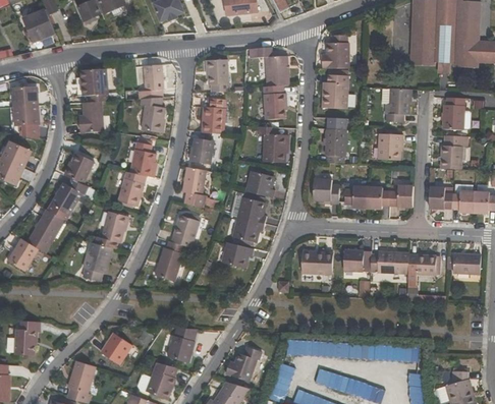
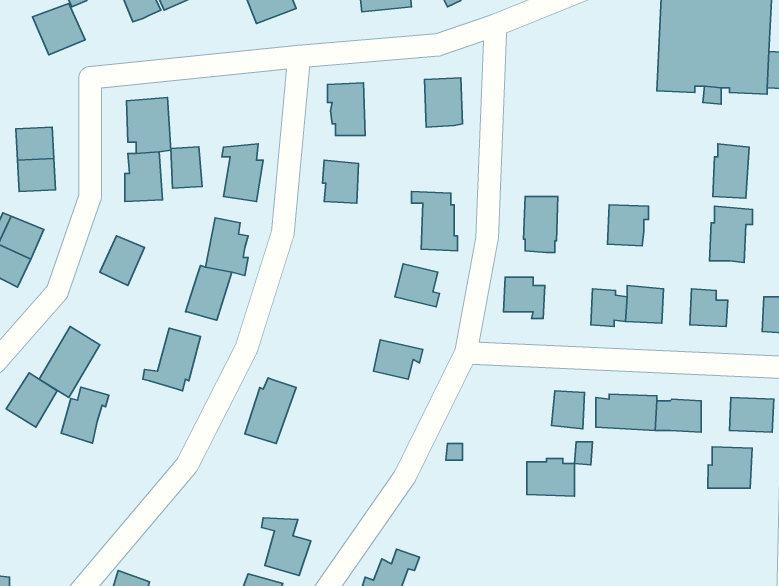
building: [323,35,350,68] -> none
building: [144,65,163,91] -> [171,147,202,188]
building: [322,74,349,109] -> none
building: [263,85,286,119] -> none
building: [387,89,410,122] -> none
building: [189,138,213,165] -> none
building: [181,167,205,206] -> none
building: [50,182,81,216] -> none
building: [345,186,369,209] -> none
building: [451,190,475,213] -> none
building: [237,197,266,224] -> none
building: [170,215,199,248] -> none
building: [223,242,253,269] -> none
building: [82,243,112,278] -> [61,387,109,443]
building: [302,251,332,275] -> [527,458,574,496]
building: none -> [708,447,752,488]
building: [14,322,40,356] -> none
building: [100,333,131,364] -> none

